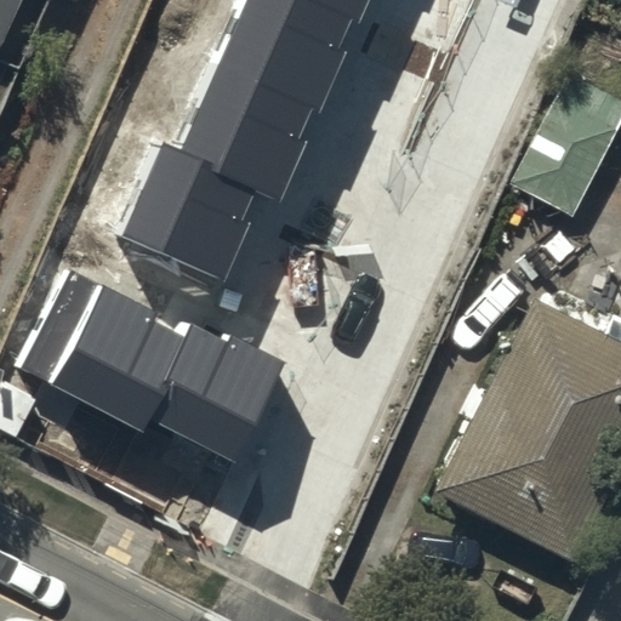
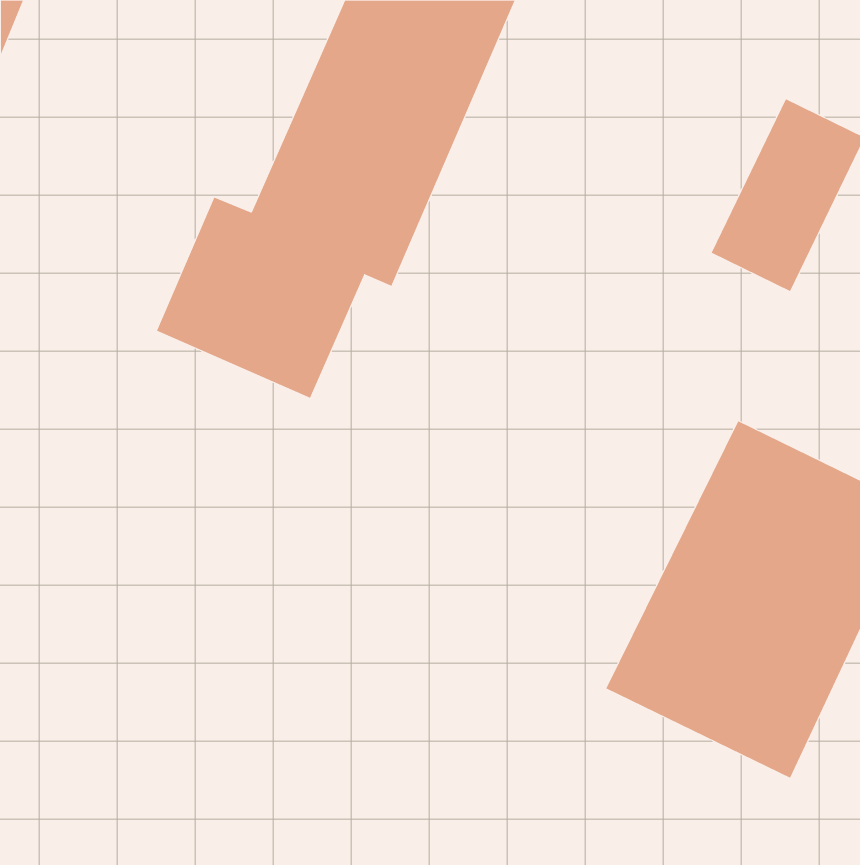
building: [18,273,285,461] -> none

